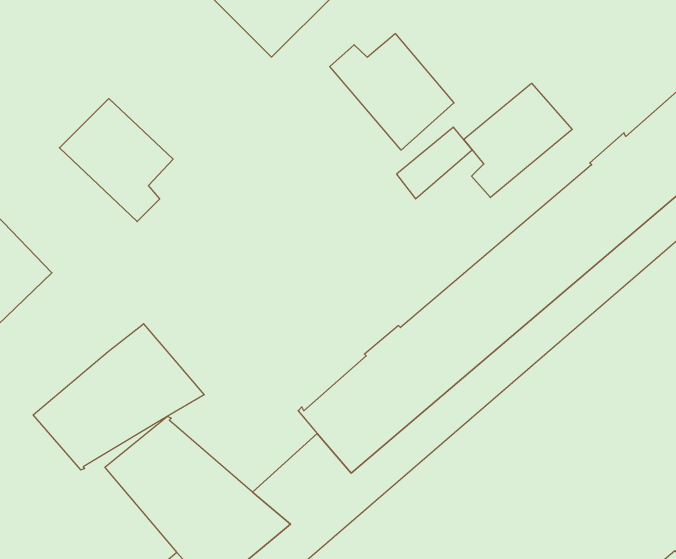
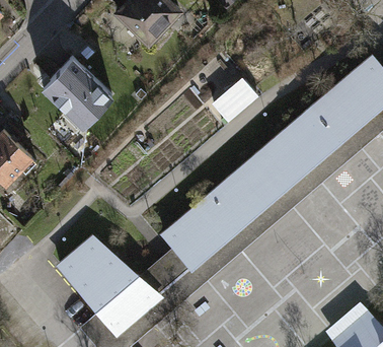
building: [330,34,454,150] -> none
building: [464,83,572,198] -> none
building: [33,324,204,470] -> none

